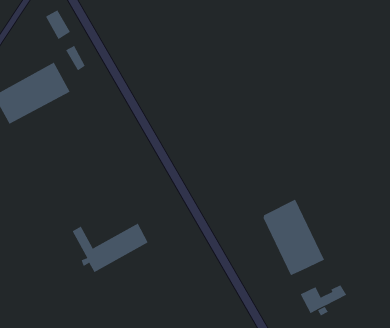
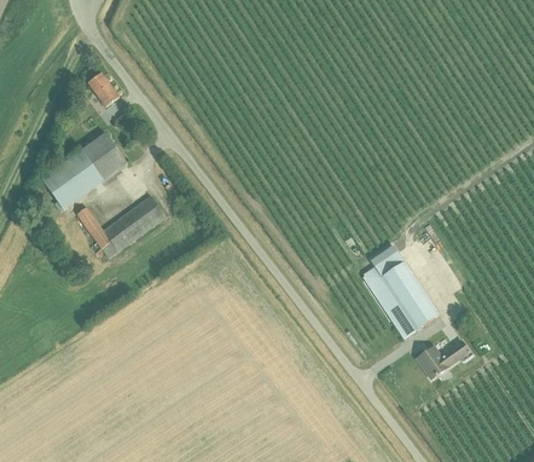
building: [72,223,149,273] -> [77,195,166,258]

